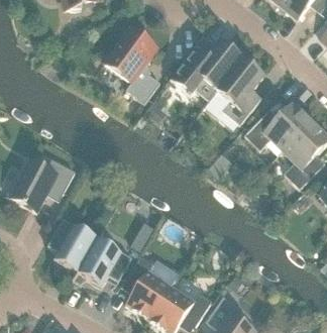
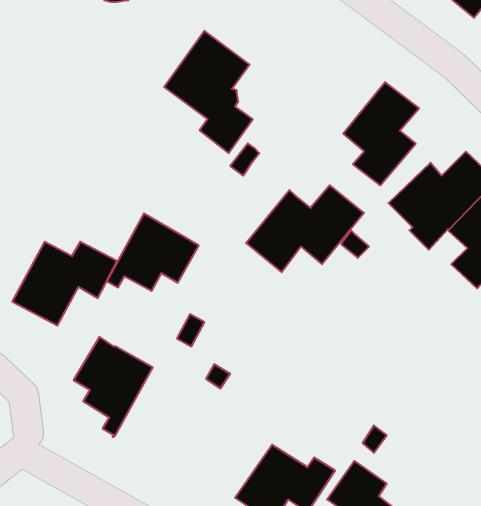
building: [169,40,242,95] -> [246,185,364,272]
building: [74,236,131,285] -> [107,213,199,291]
building: [123,254,172,318] -> none

